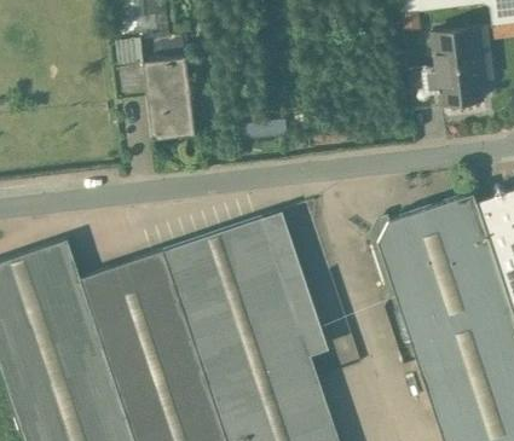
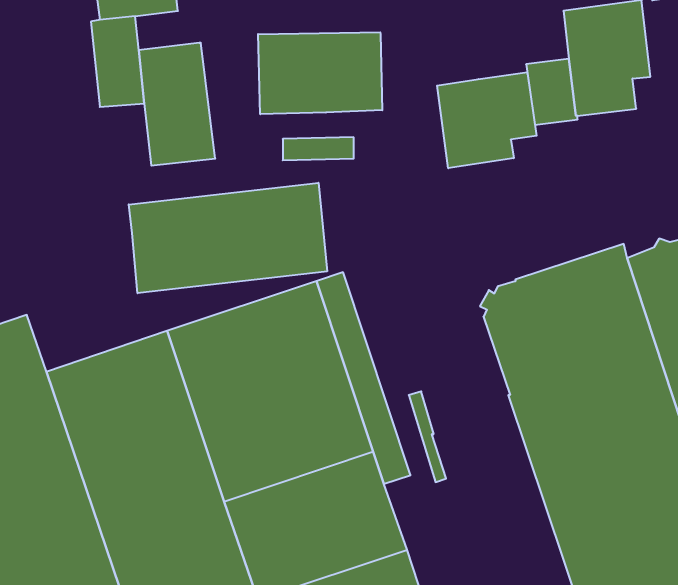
building: none -> [258,32,382,114]
building: none -> [437,72,537,168]
building: none -> [129,183,327,293]

